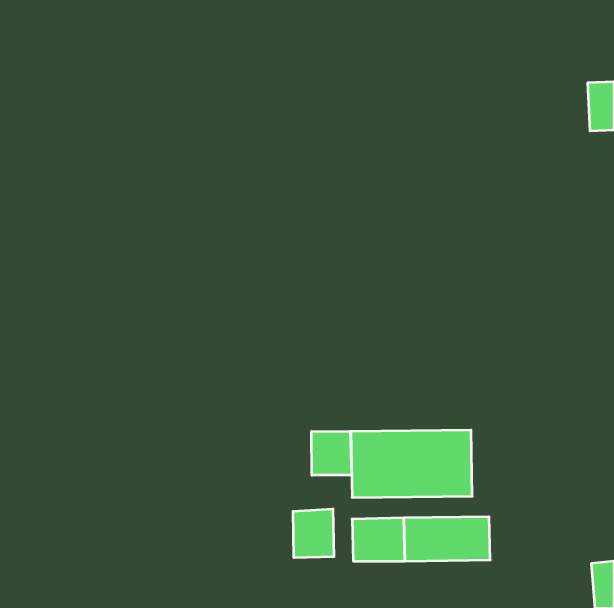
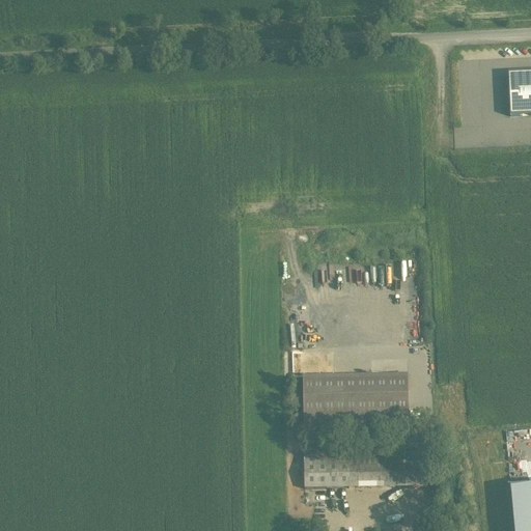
building: [312,431,352,475] -> none
building: [293,509,334,558] -> none

